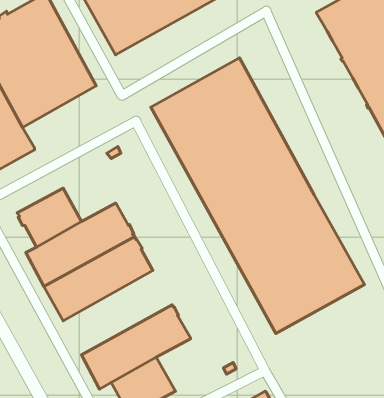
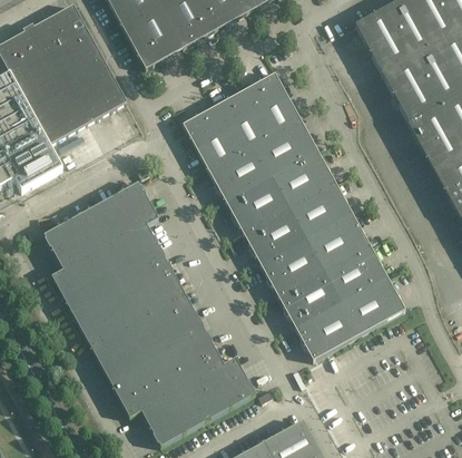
building: none -> [91,182,158,242]
building: none -> [91,293,205,381]
building: none -> [188,357,255,419]

